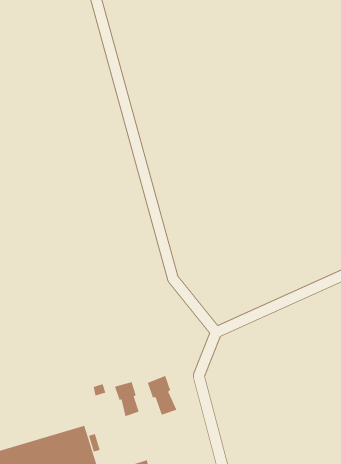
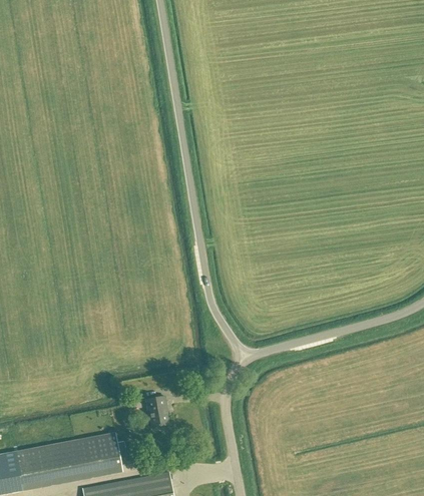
building: [147,375,177,416] -> none

